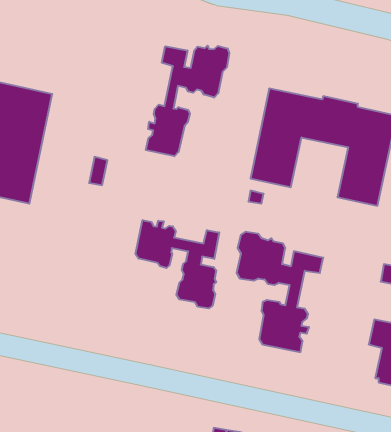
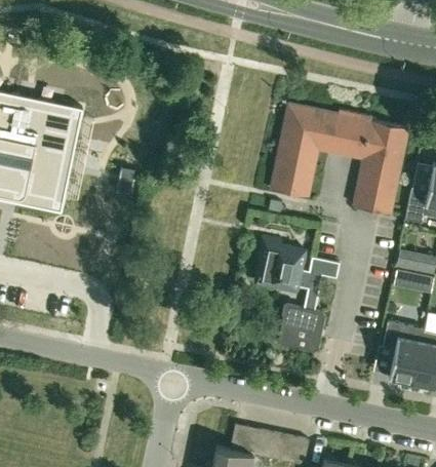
building: [146,46,229,156] -> none
building: [136,220,219,308] -> none

